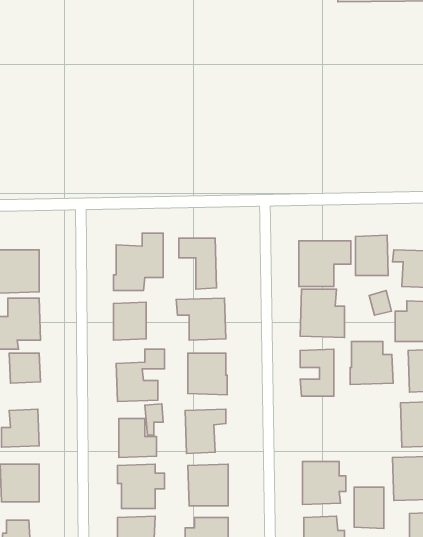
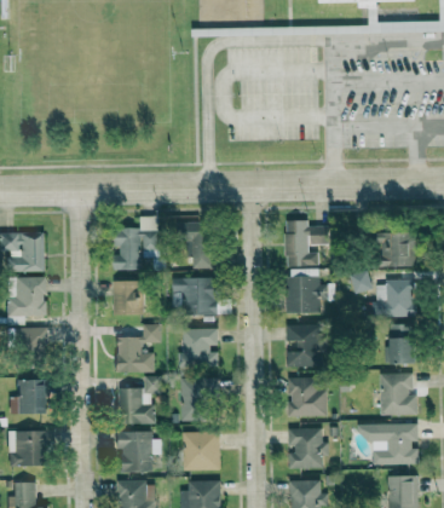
building: [355,235,388,276] -> none
building: [350,341,393,384] -> [288,377,328,417]
building: [354,487,384,528] -> none

